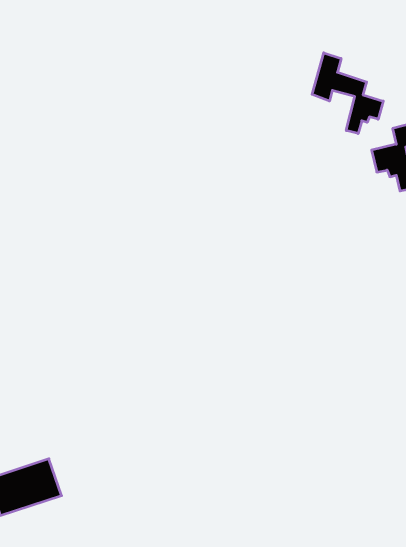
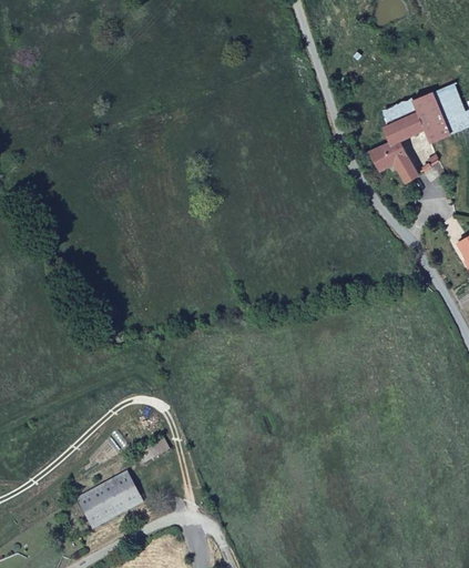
building: [312,53,383,134] -> none

